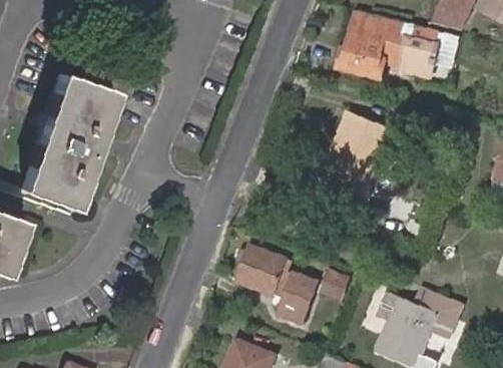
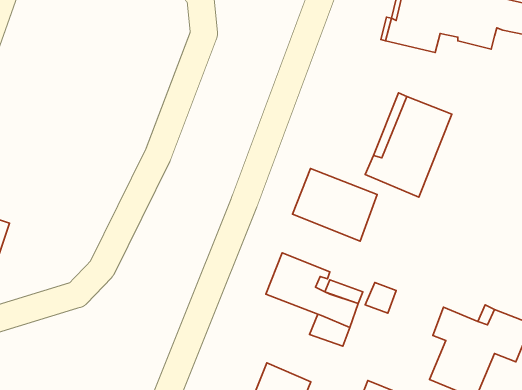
building: [20,73,111,207] -> none
building: none -> [292,169,377,241]

